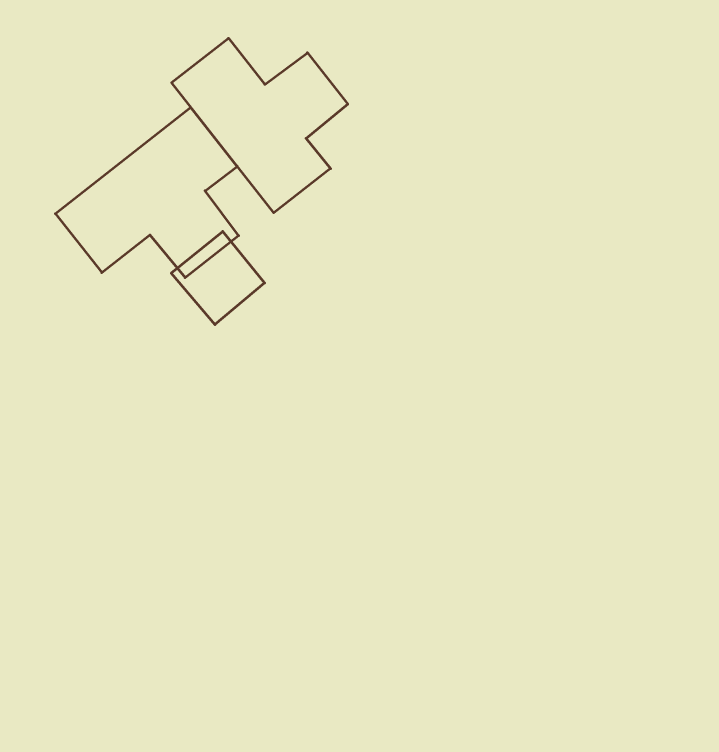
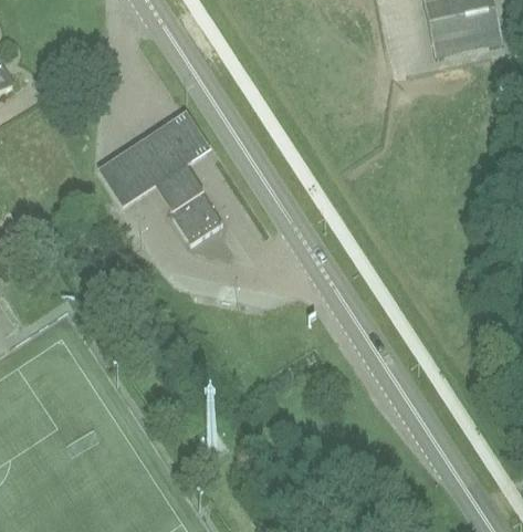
building: [172,38,348,213] -> none

